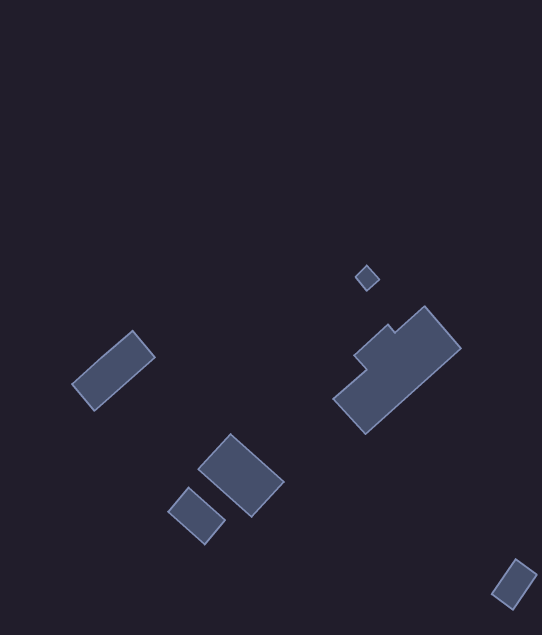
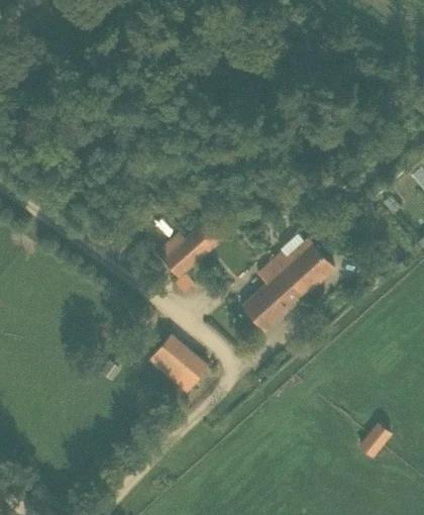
building: [72,331,155,411] -> [164,220,223,278]
building: [168,487,225,545] -> none

